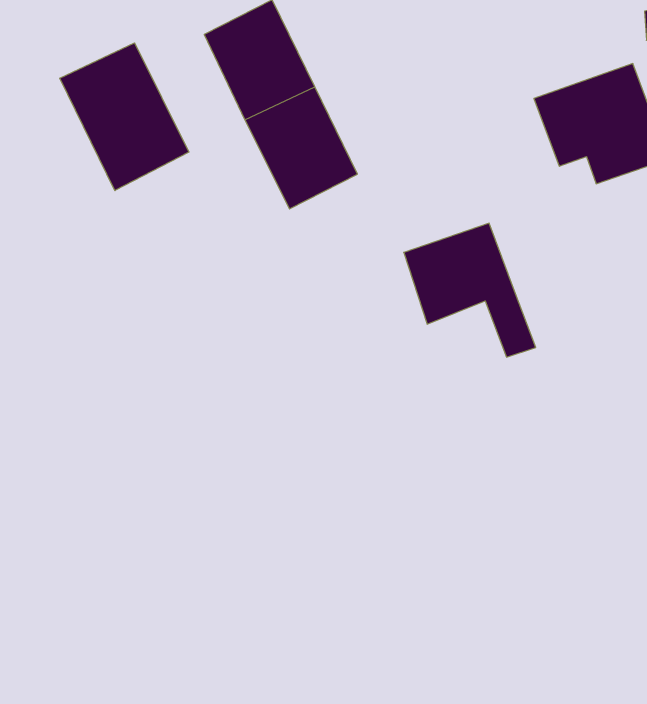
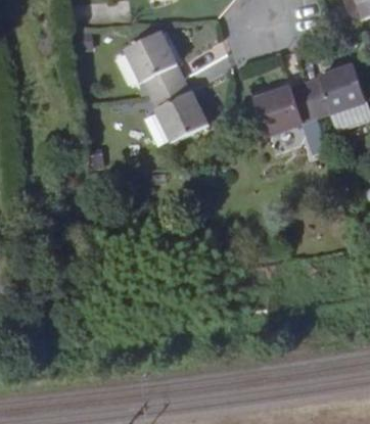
building: [60,43,189,191] -> none
building: [404,223,536,357] -> [253,84,323,154]

